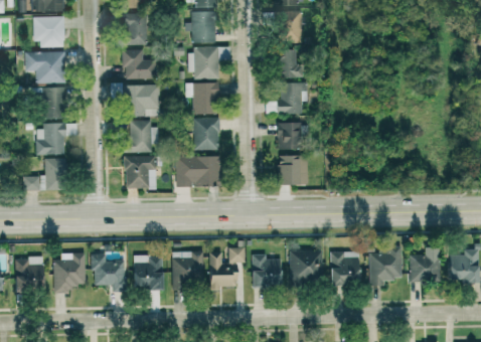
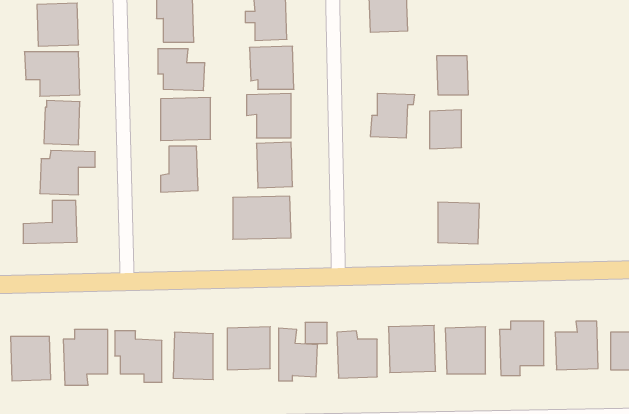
building: [277,49,300,77] -> [437,56,468,95]
building: [278,122,301,150] -> [430,110,462,149]
building: [125,155,156,189] -> none
building: [278,155,308,185] -> [438,202,479,244]

